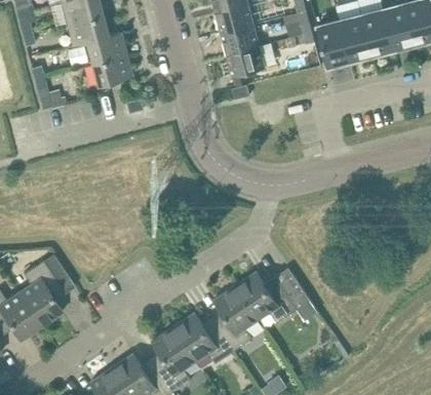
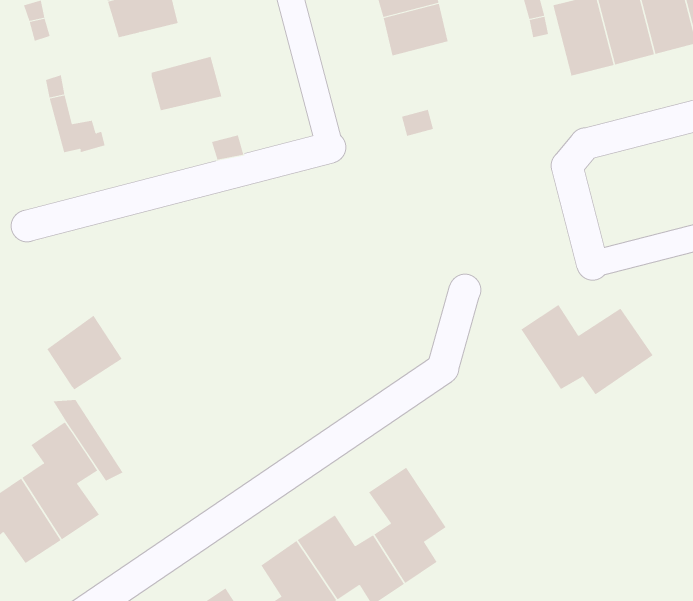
building: [85,32,125,64] -> none
building: [227,46,265,76] -> none
building: none -> [46,315,122,390]
building: [235,271,310,322] -> [520,304,654,395]

